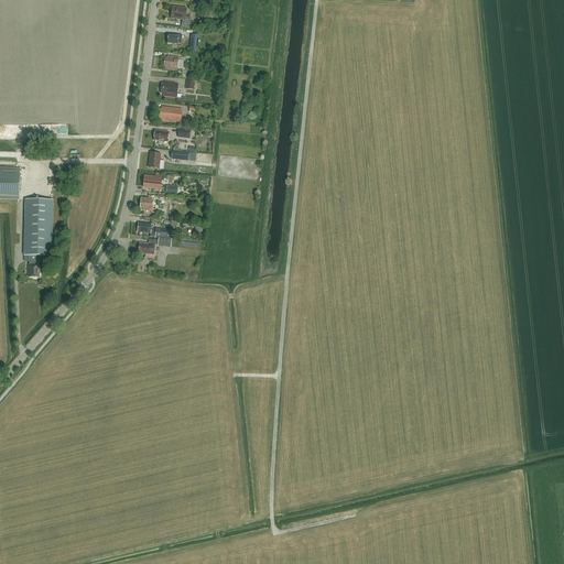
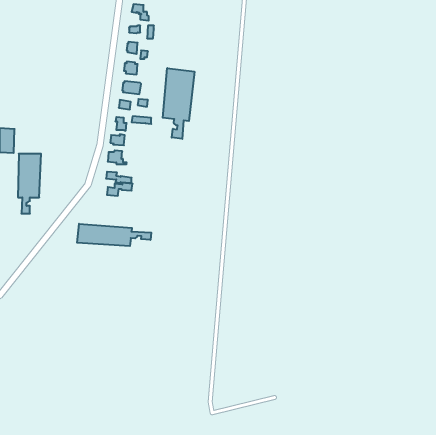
building: none -> [163,68,194,139]
building: none -> [77,224,151,246]

